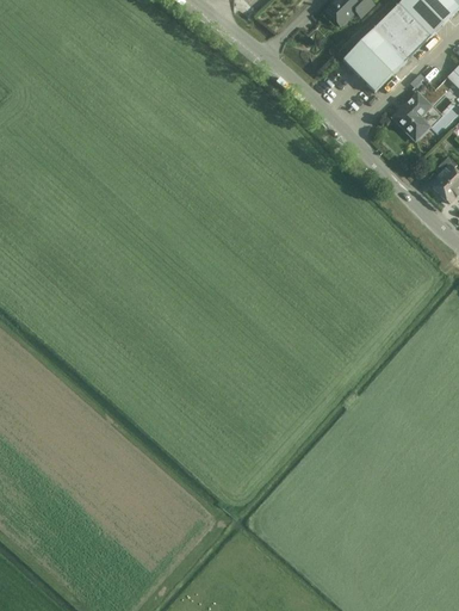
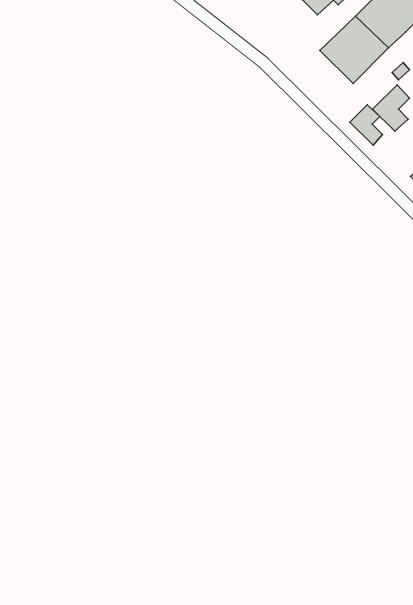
building: none -> [350,105,383,145]

